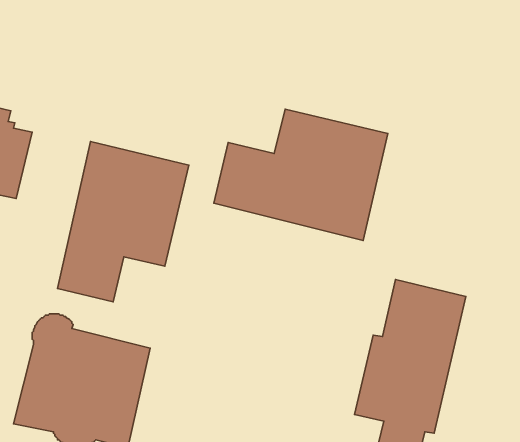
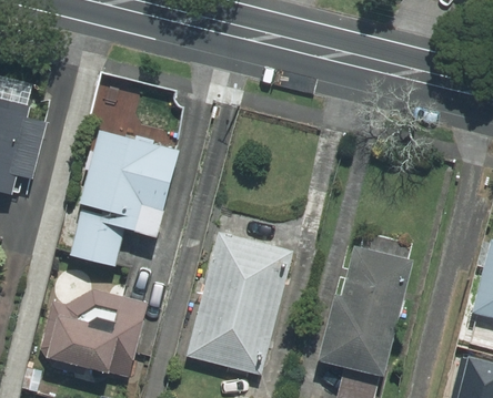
building: [214,109,388,241] -> none
building: none -> [187,234,290,373]

